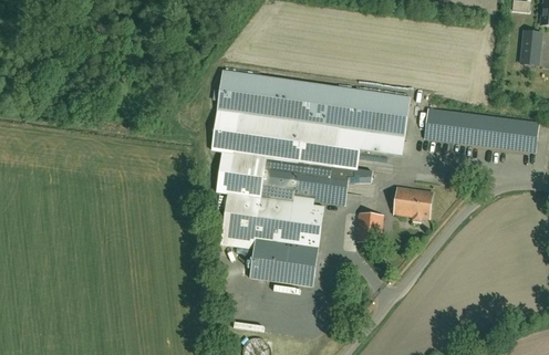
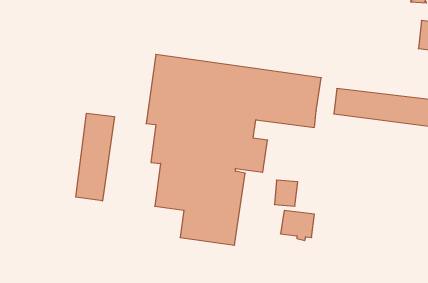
building: none -> [76,113,114,201]
building: [393,187,432,221] -> [280,210,314,241]

